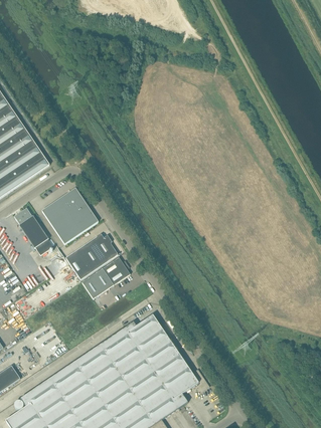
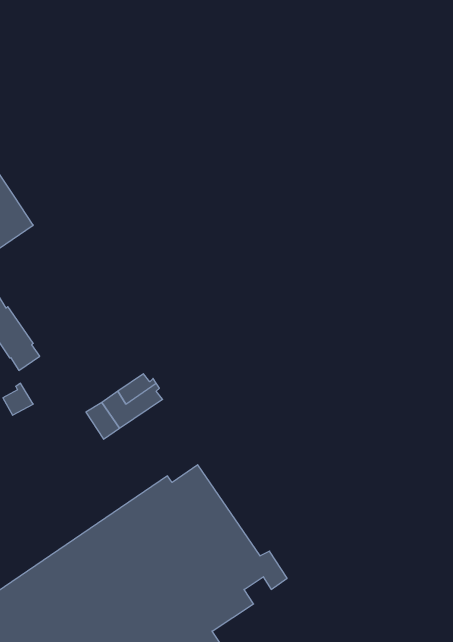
building: [41,187,98,243] -> none
building: [64,233,117,279] -> none

